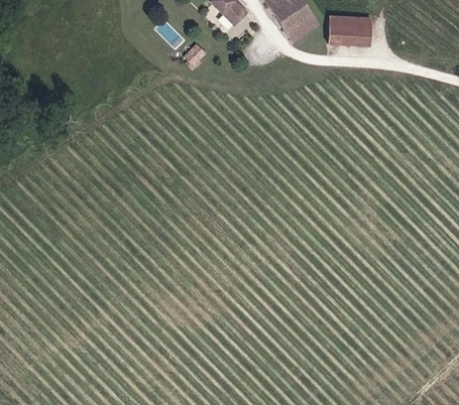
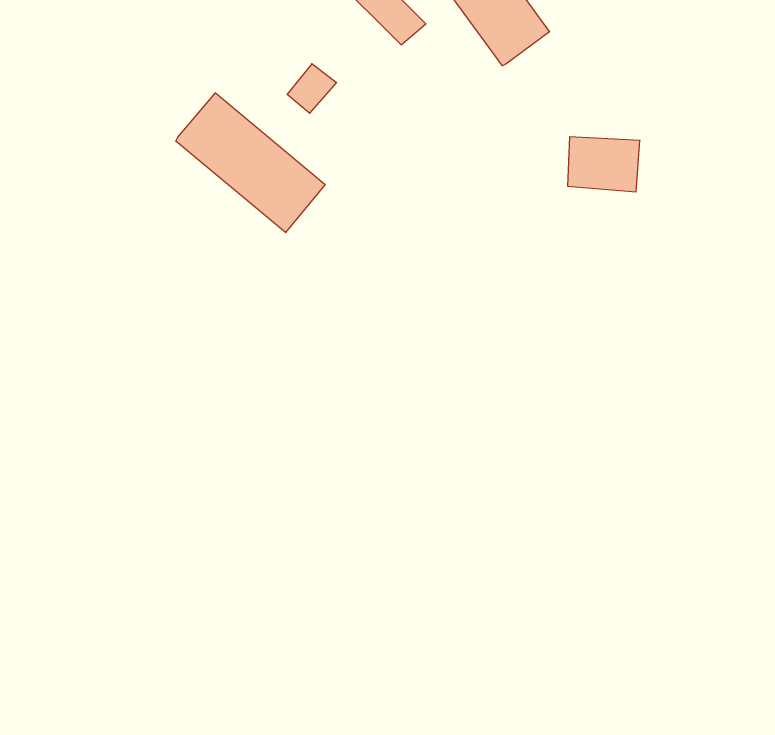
building: [327,14,365,43] -> [568,137,640,192]
building: none -> [176,93,325,233]

